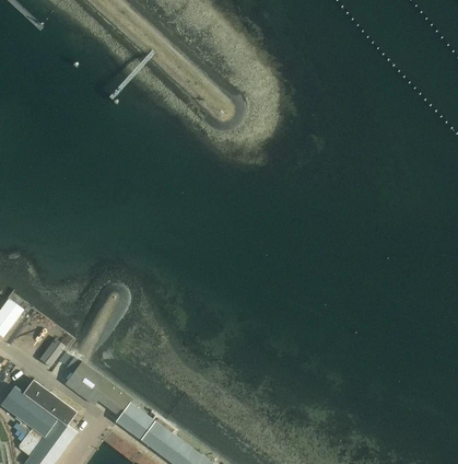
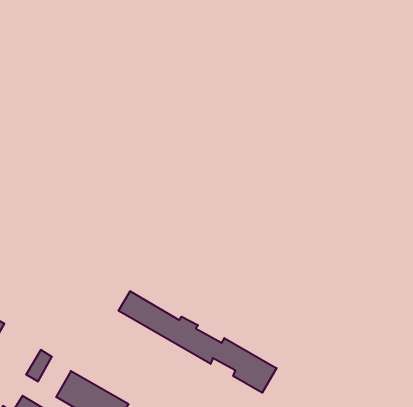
building: none -> [119,291,277,393]

